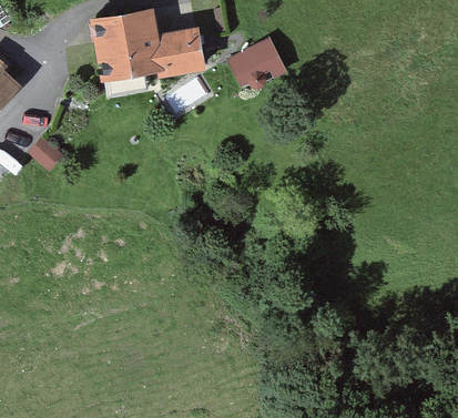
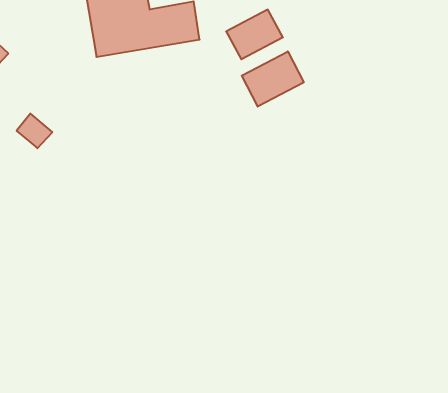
building: none -> [242,51,304,107]

